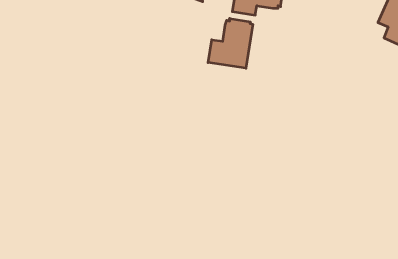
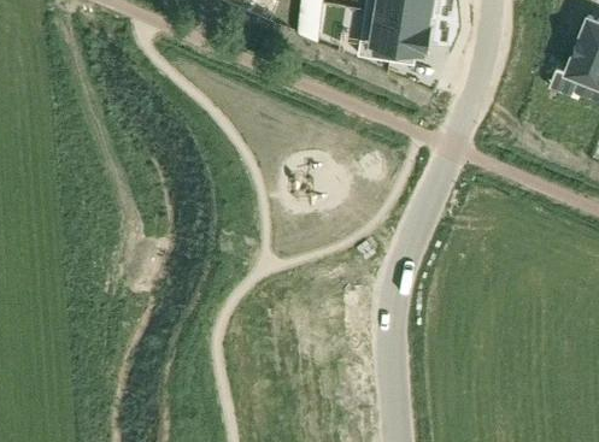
building: [208,18,253,68] -> none

